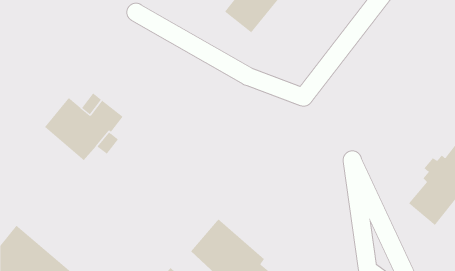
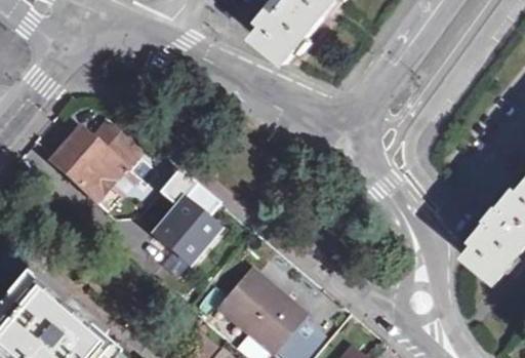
building: none -> [155,168,221,264]

